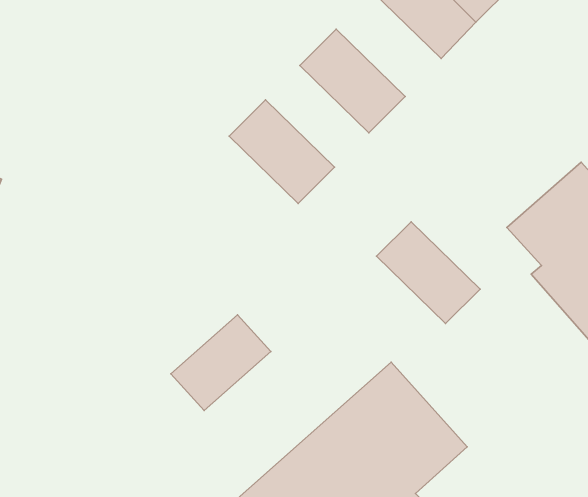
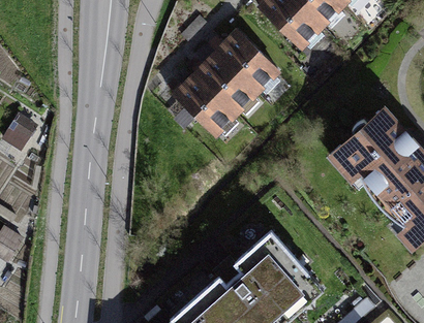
building: [377,222,480,324] -> [195,53,258,114]
building: [171,315,271,410] -> none

